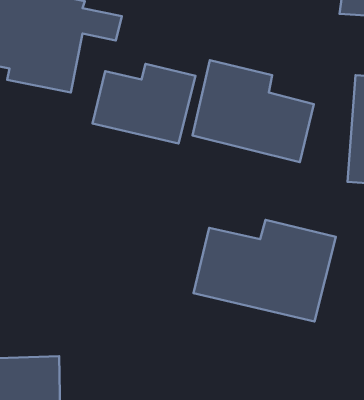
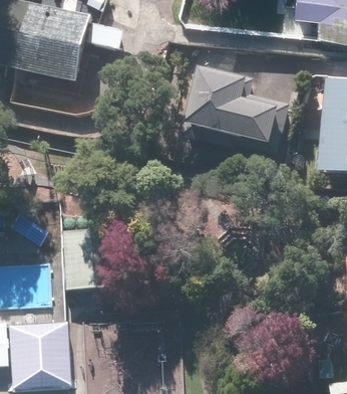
building: [92,64,196,144] -> none
building: [193,220,336,322] -> none

